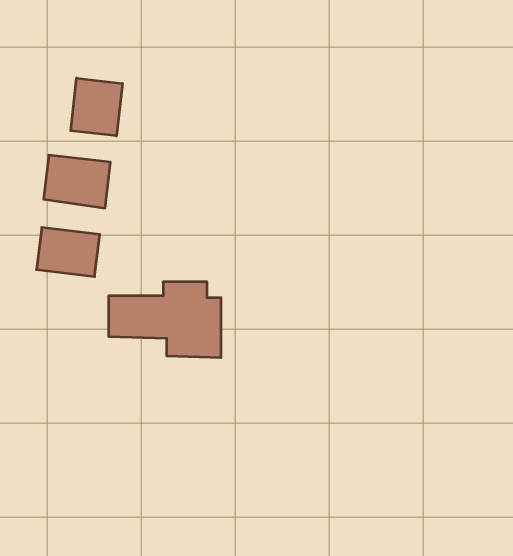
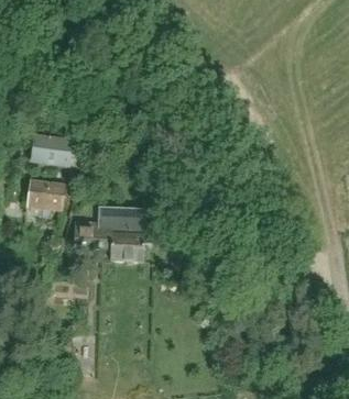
building: [71,78,122,136] -> none

